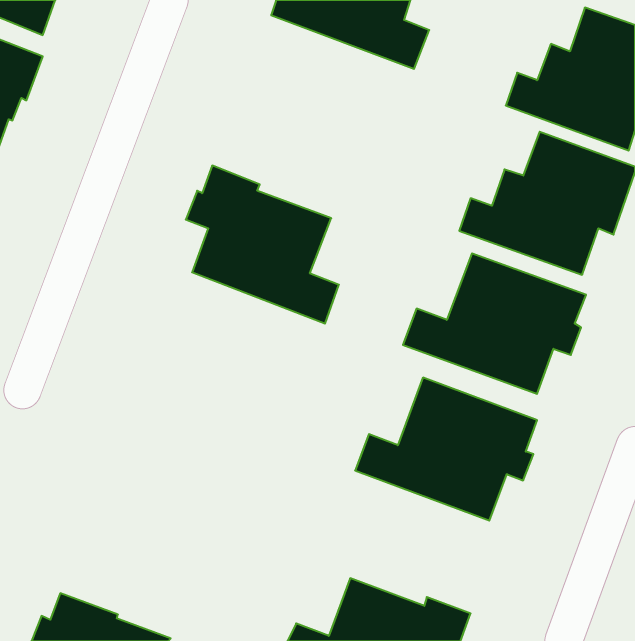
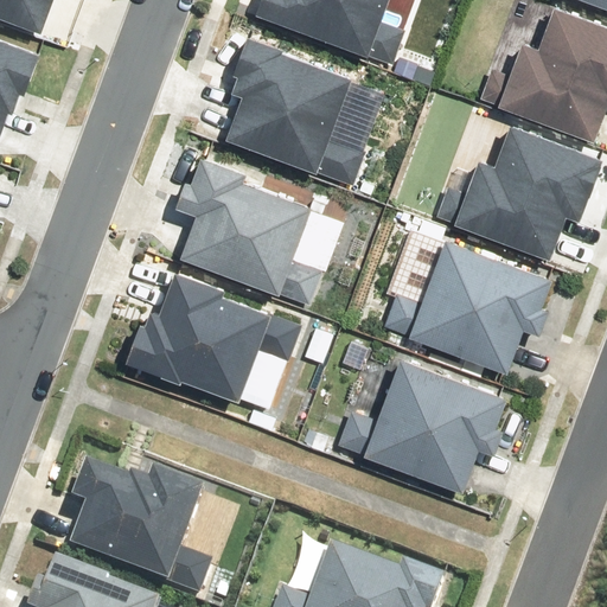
building: none -> [225,36,363,186]
building: none -> [126,271,300,402]
building: none -> [70,465,212,598]

